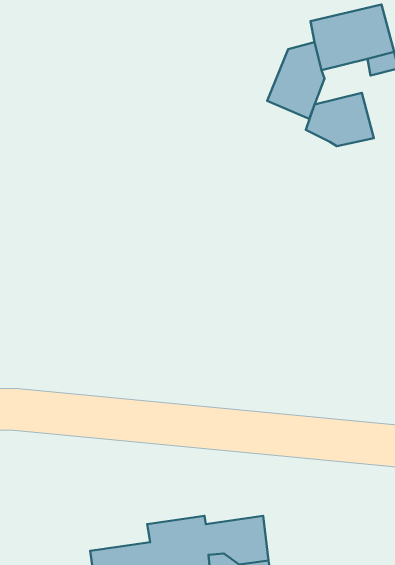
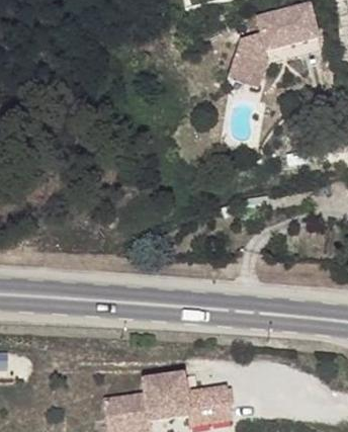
building: [306,93,374,146] -> none

